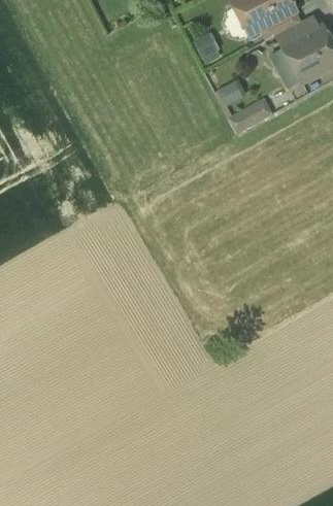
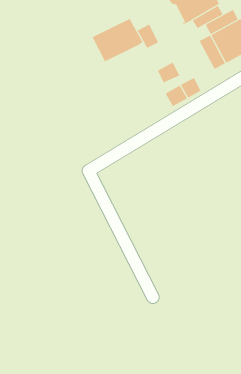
building: none -> [92,18,143,62]

